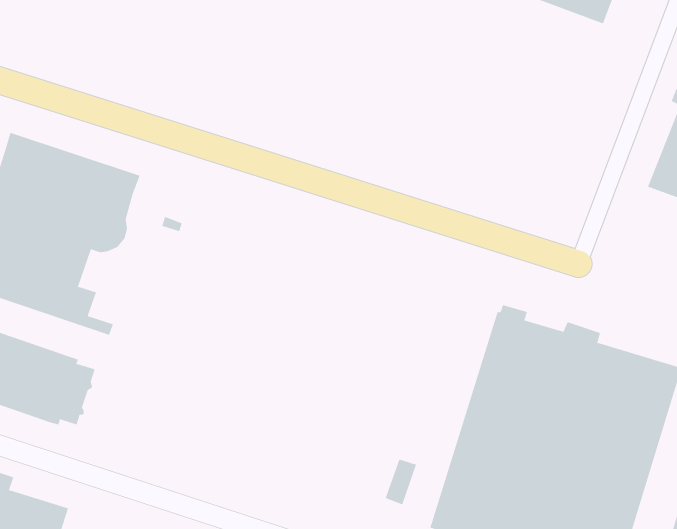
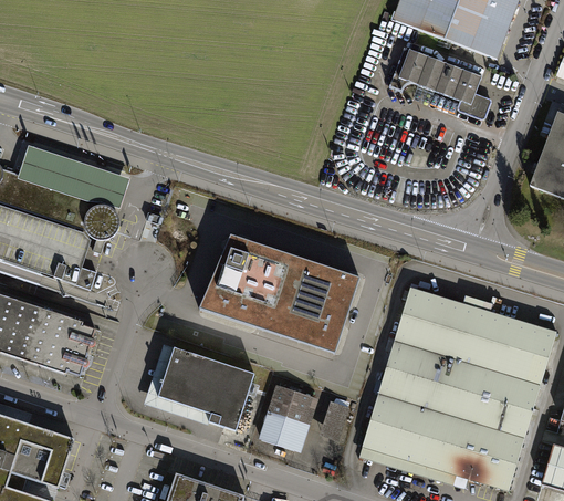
building: none -> [388,49,491,121]
building: none -> [203,230,361,351]
building: none -> [144,342,254,429]
building: none -> [260,384,311,448]

